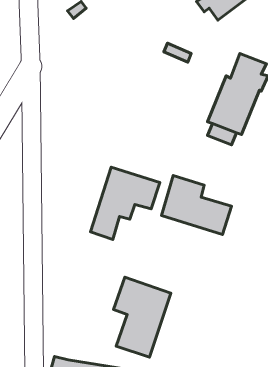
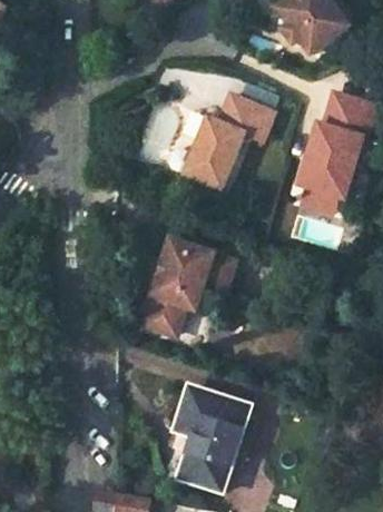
building: none -> [183,93,271,186]
building: [161,175,231,235] -> none

